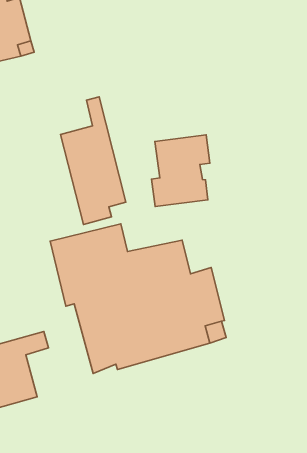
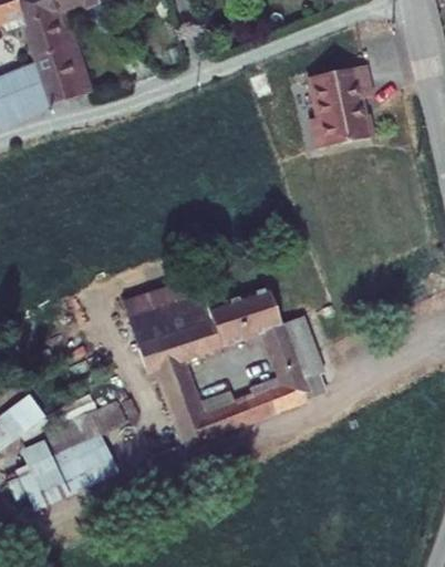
building: [61,97,126,225] -> none
building: [152,135,210,207] -> [310,64,374,148]

